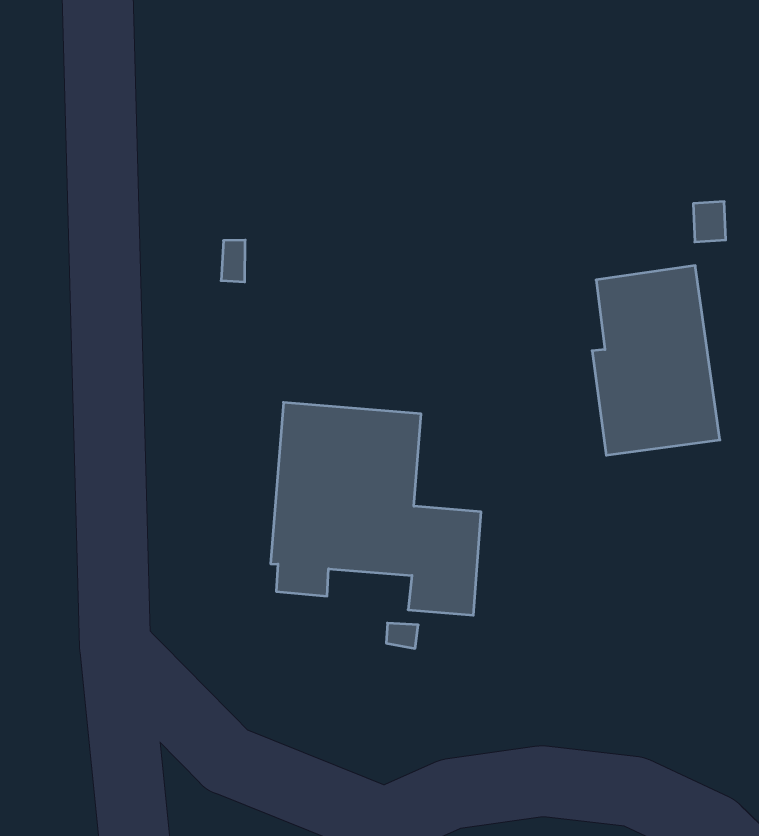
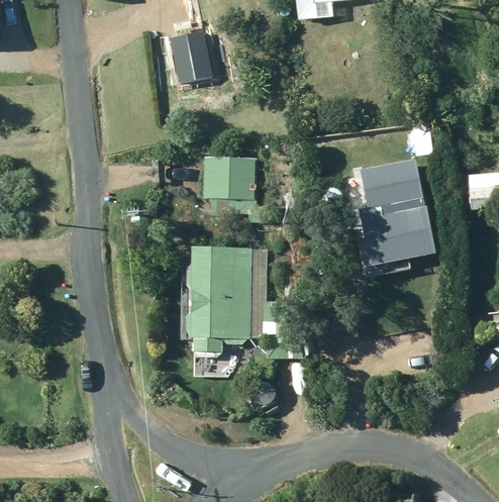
building: none -> [168,31,209,74]
building: none -> [203,158,259,222]

